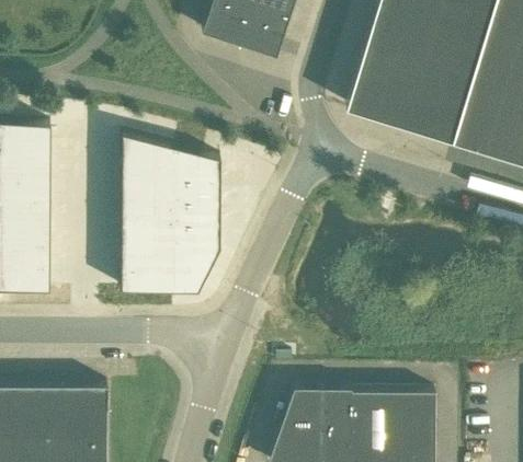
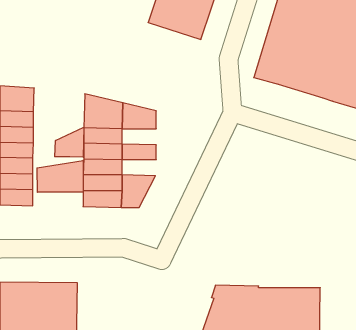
building: none -> [55,127,84,157]
building: [168,183,214,205] -> none
building: [168,224,214,246] -> none
building: none -> [37,160,83,192]

